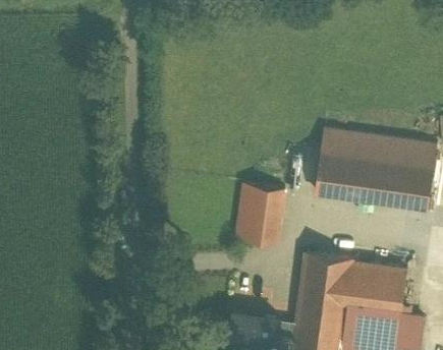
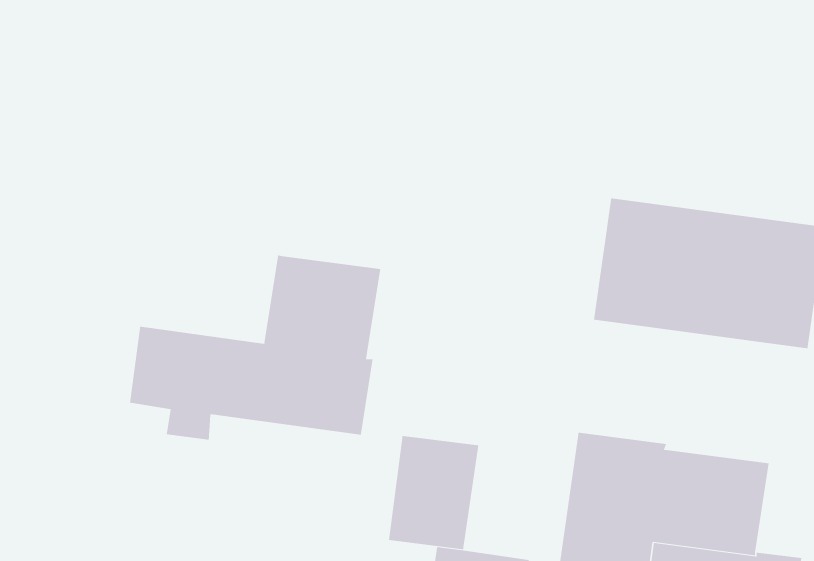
building: none -> [130,255,381,441]
building: [236,184,284,244] -> [388,436,479,550]

